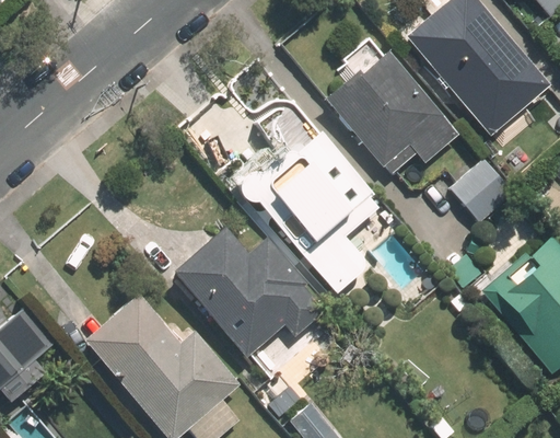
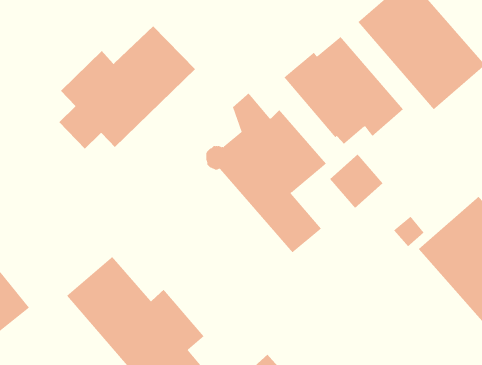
building: none -> [58,25,196,150]
building: [453,160,513,221] -> [329,154,384,209]
building: [172,230,320,358] -> none

